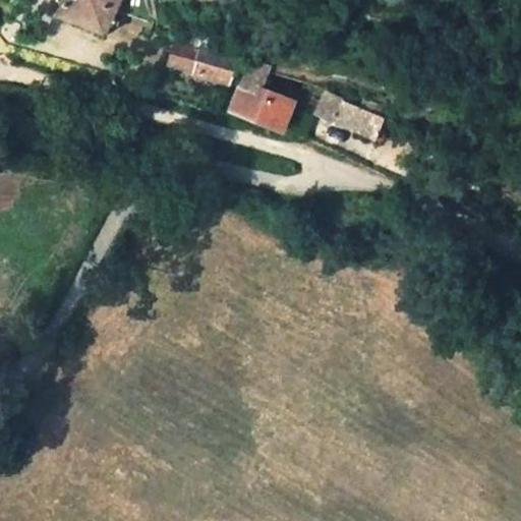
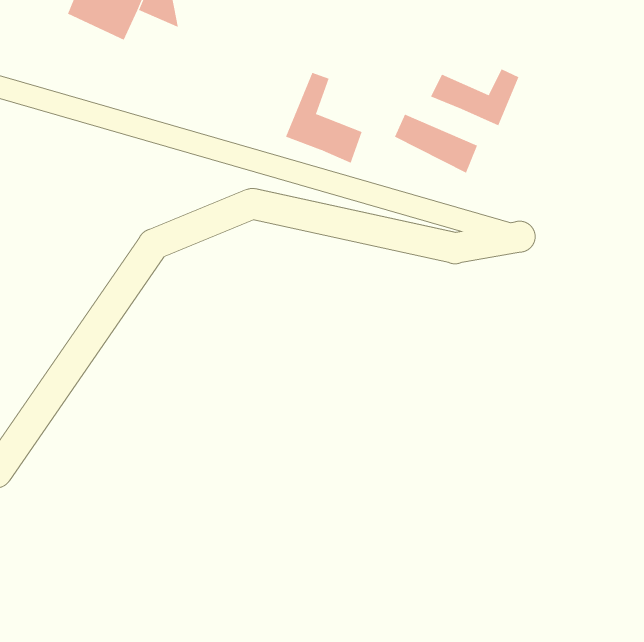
building: [166,44,237,91] -> none
building: none -> [430,69,519,126]

